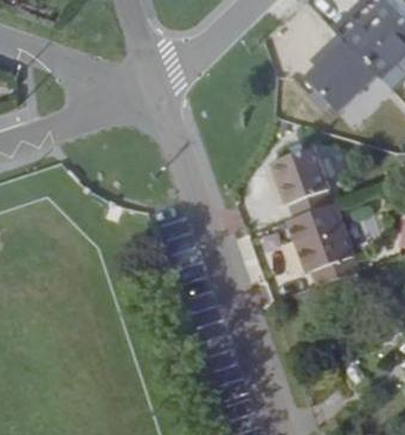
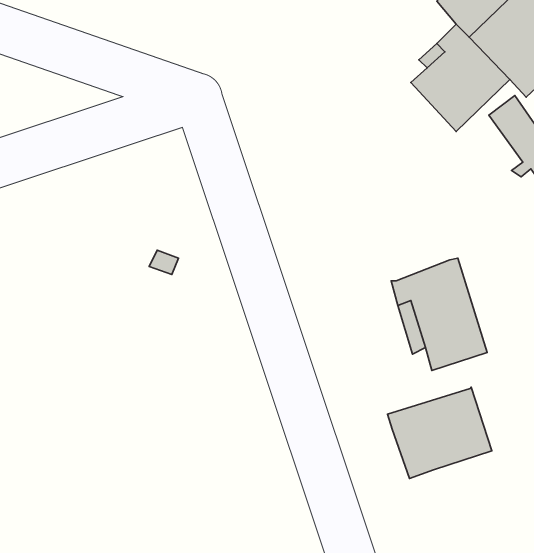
building: [270,146,333,220] -> none
building: none -> [388,387,492,478]

